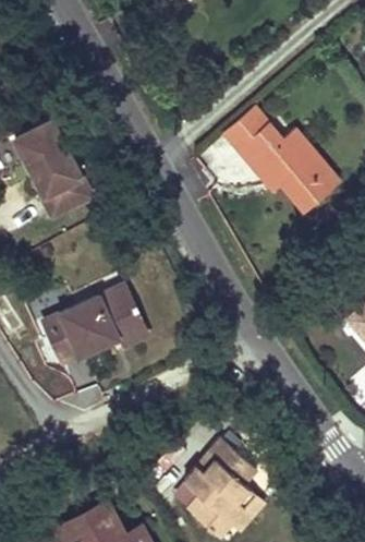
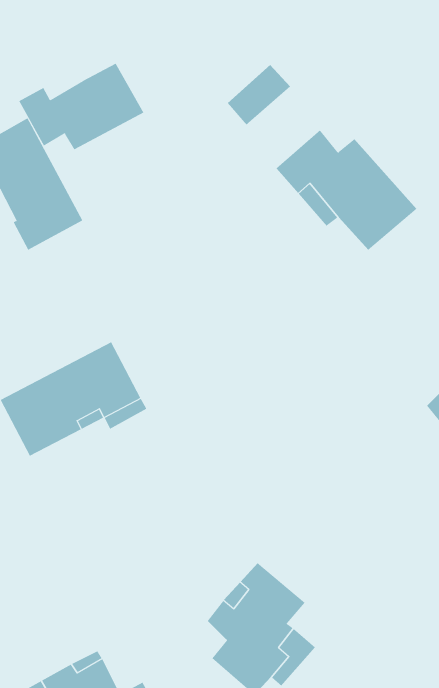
building: none -> [19,63,144,150]
building: [222,107,269,152] -> [227,64,291,125]

